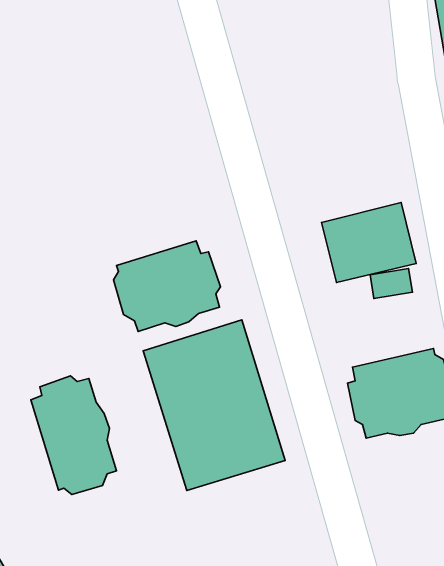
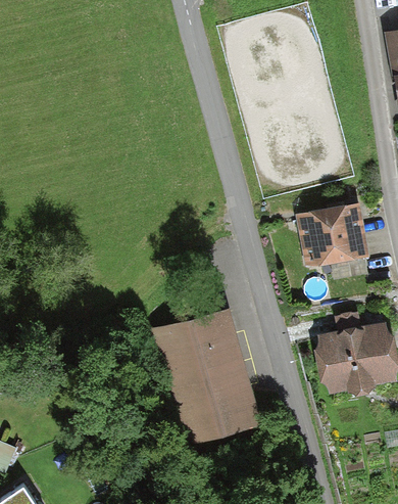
building: [113,241,221,331] -> none
building: [31,376,117,495] -> none

